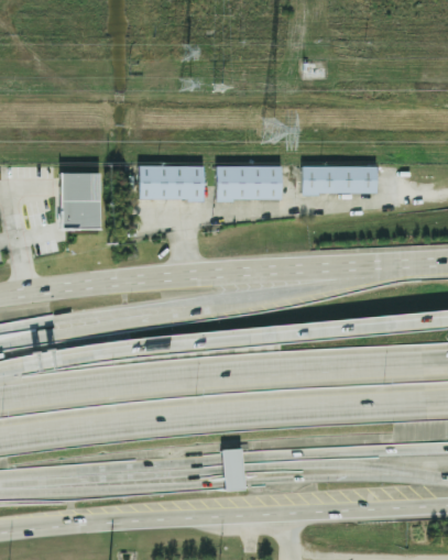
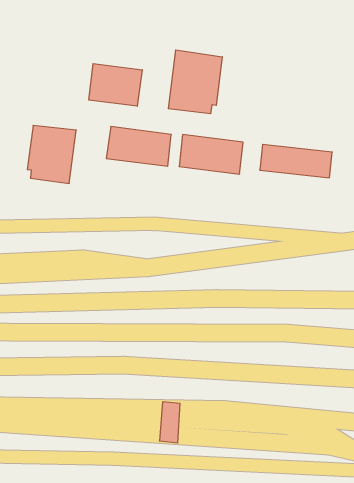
building: none -> [168,50,222,114]
building: none -> [89,64,142,106]

